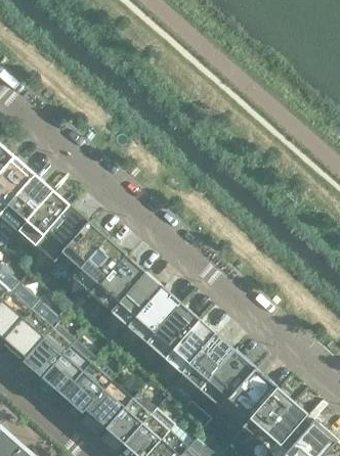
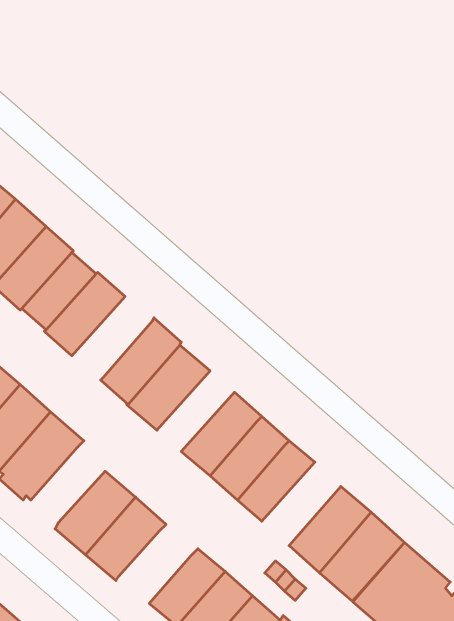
building: [53,223,108,279] -> none
building: [111,273,163,327] -> none
building: [26,324,76,375] -> none
building: [181,334,235,391] -> none
building: [85,380,133,429] -> none

